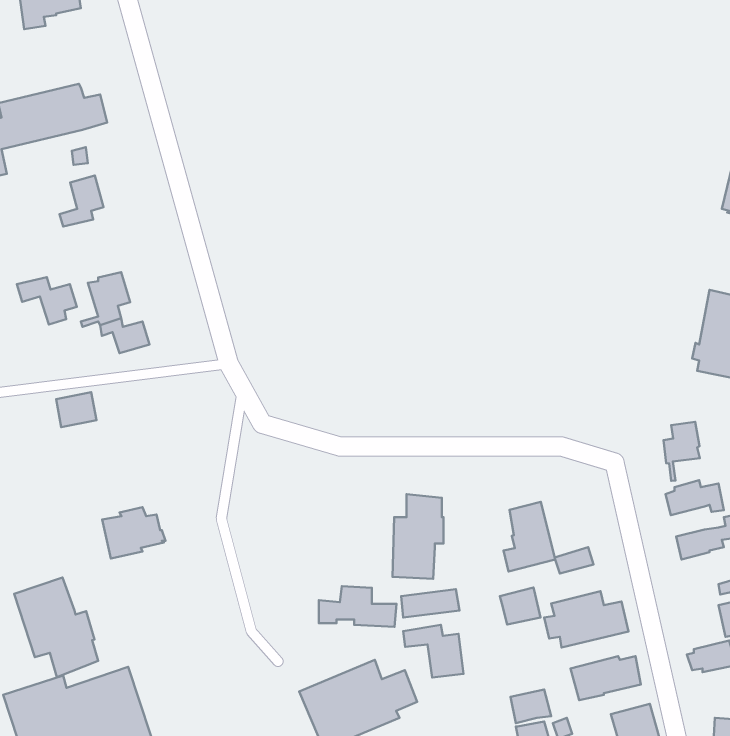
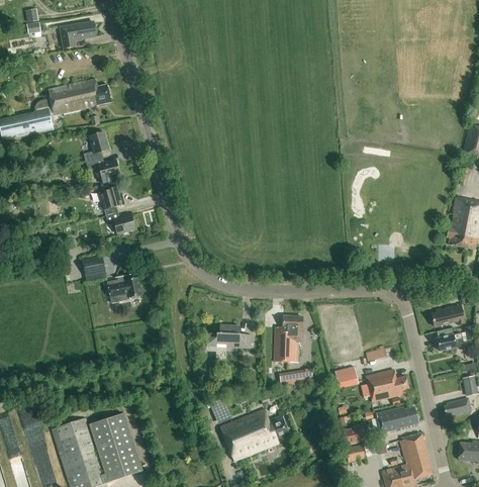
building: [17,277,77,325] -> [86,156,120,183]
building: [663,422,700,481] -> none
building: [504,502,555,572] -> none
building: [102,507,165,558] -> [107,273,143,302]
building: [14,577,98,677] -> none
building: [319,586,396,627] -> [207,323,252,347]
building: [403,625,464,677] -> none

